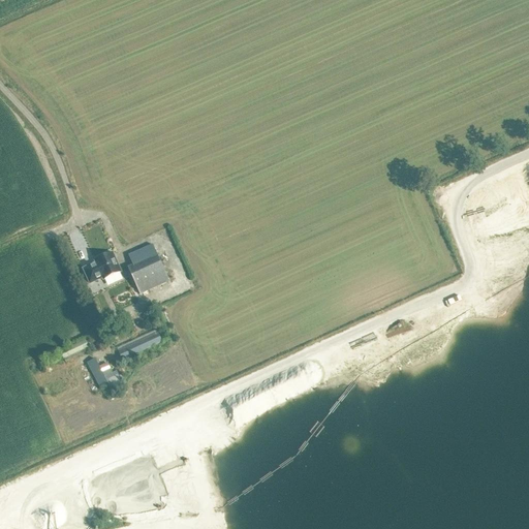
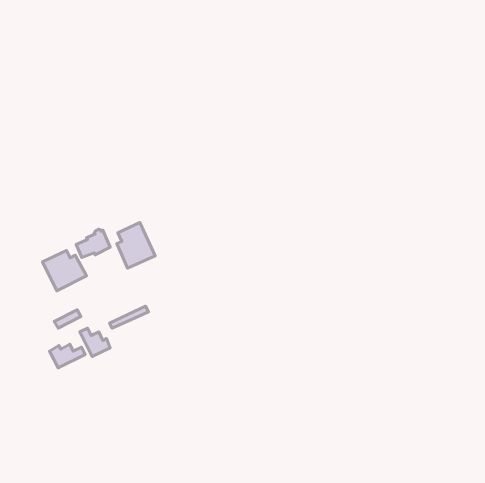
building: none -> [42,250,86,291]
building: none -> [49,344,85,368]

